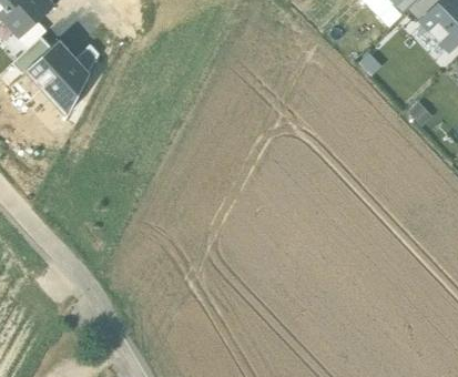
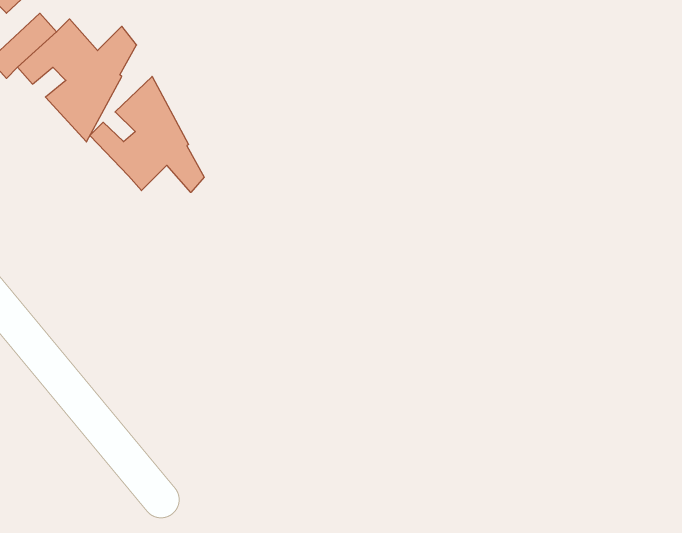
building: none -> [90,76,204,192]

